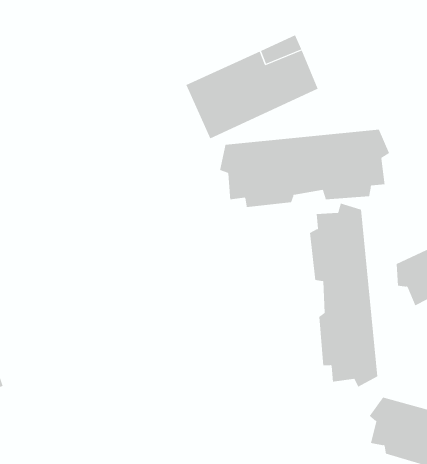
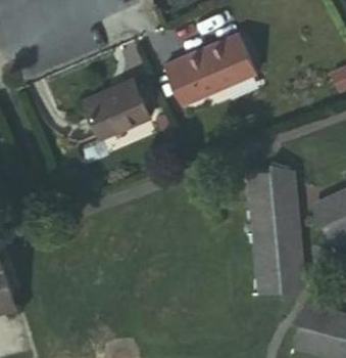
building: none -> [86,80,147,138]
building: [220,129,390,208] -> none

